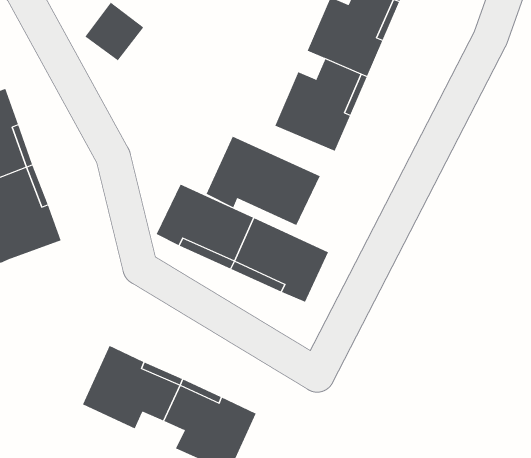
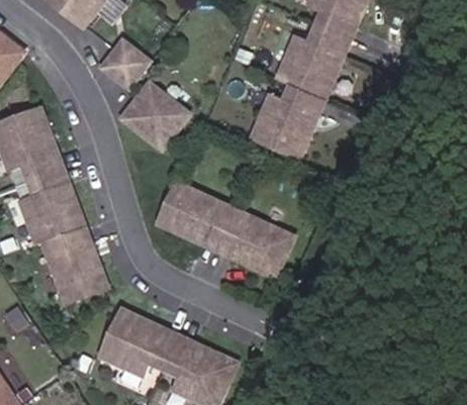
building: none -> [125,82,188,147]
building: [206,136,321,226] -> none
building: none -> [42,226,105,299]

